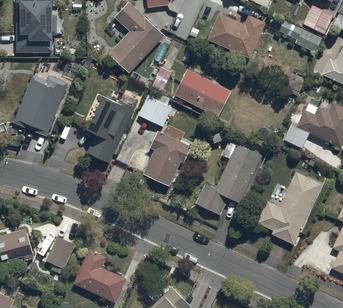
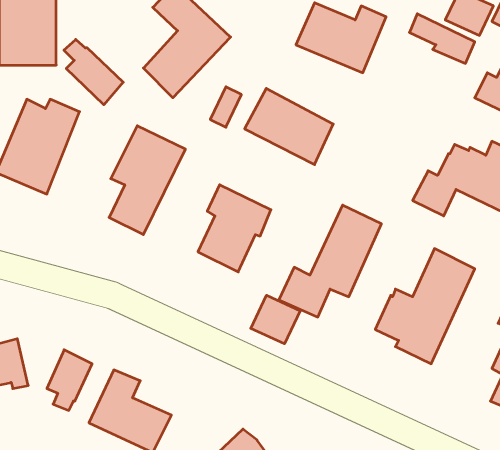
building: none -> [64,39,123,105]
building: [138,96,172,127] -> none
building: none -> [251,295,300,344]

